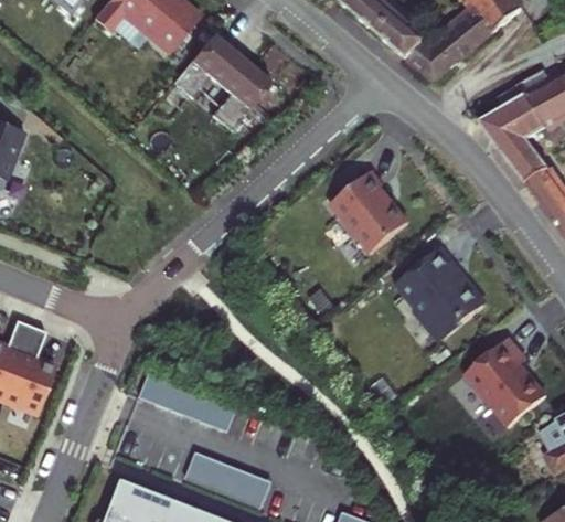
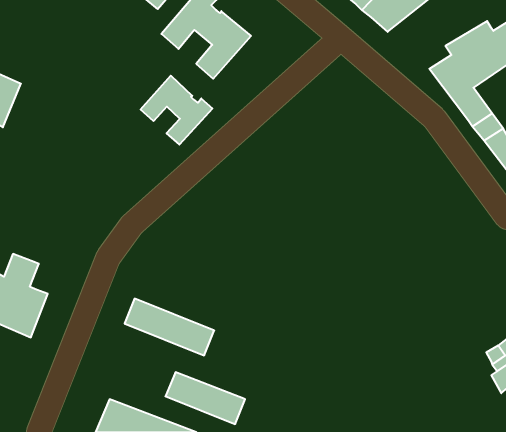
building: none -> [141,76,212,145]
building: [329,170,407,253] -> none
building: [398,246,482,339] -> none
building: [462,337,545,426] -> none

